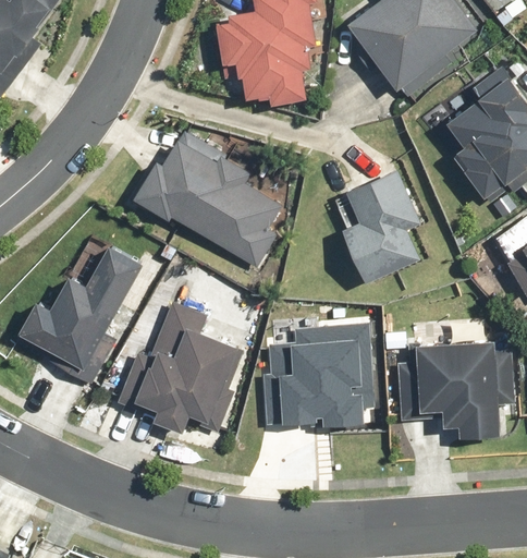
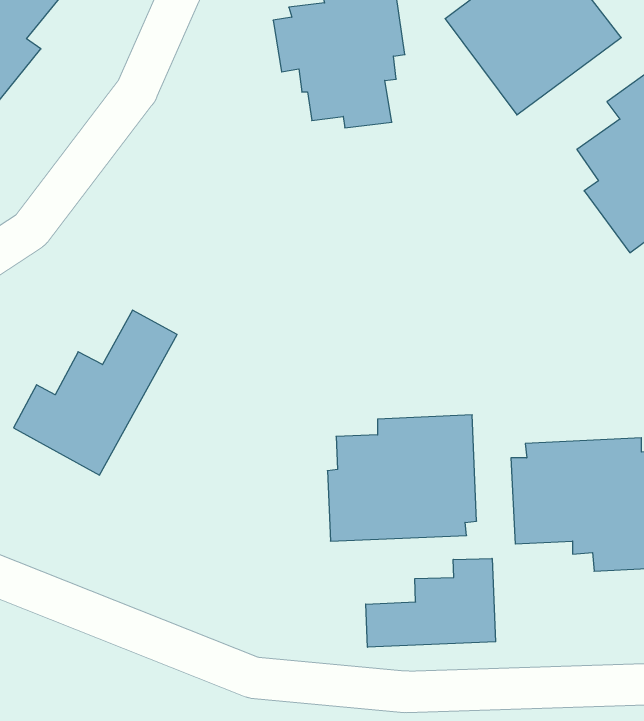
building: [130,133,281,269] -> none
building: [343,167,422,281] -> none
building: [115,300,250,438] -> none
building: none -> [366,558,496,647]

